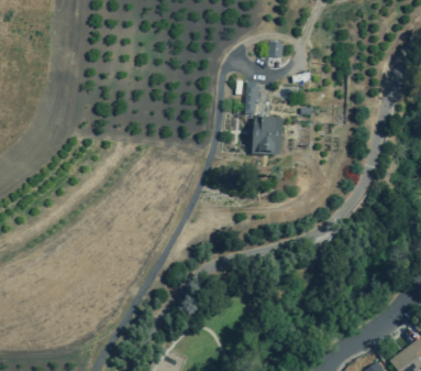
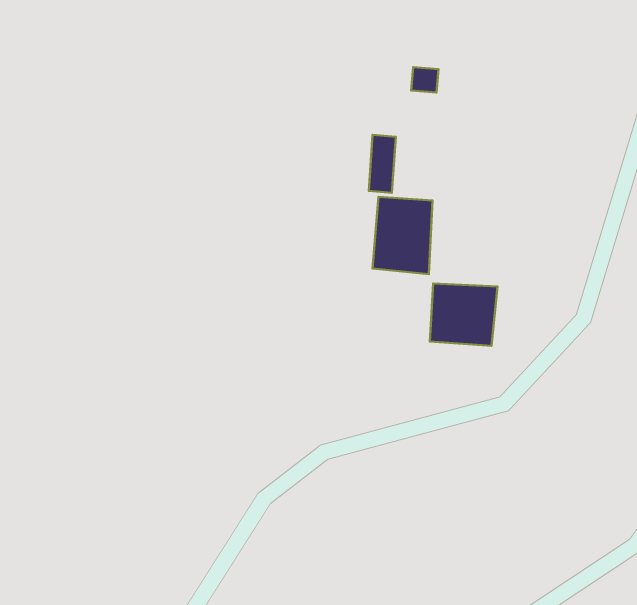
building: none -> [430,283,497,346]

